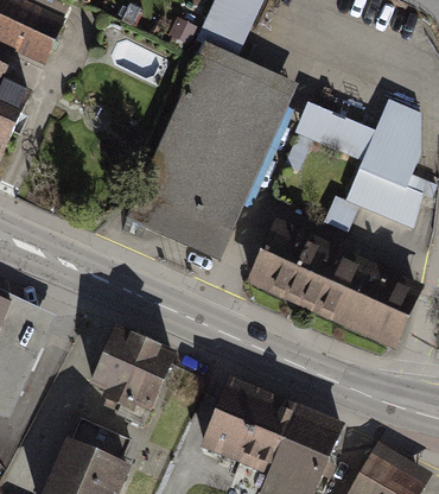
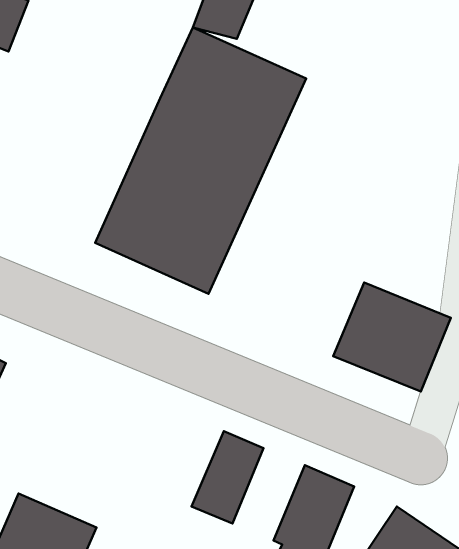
building: [300,94,422,220] -> none
building: [250,223,349,315] -> none
building: [94,328,172,419] -> none
building: [238,392,299,469] -> none

